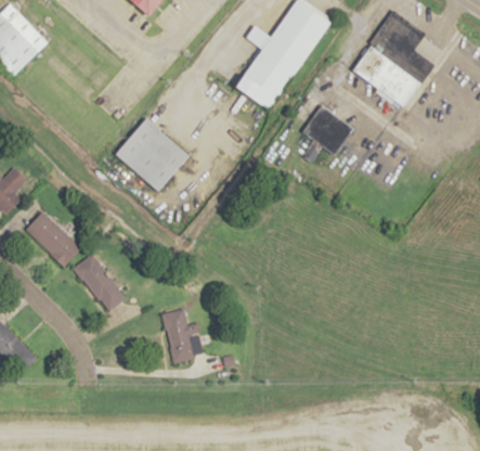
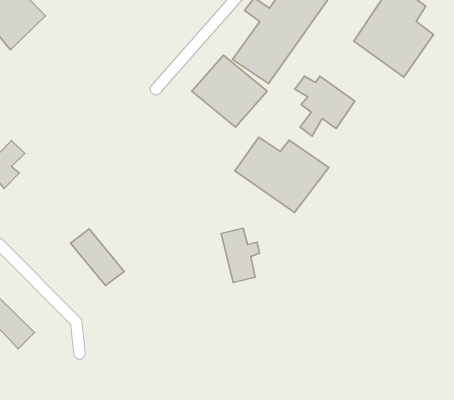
building: [115,118,190,190] -> [192,55,267,127]
building: none -> [235,137,329,213]
building: [26,211,81,268] -> none
building: [161,309,199,363] -> [221,228,259,283]

